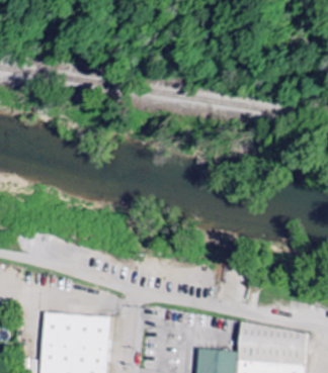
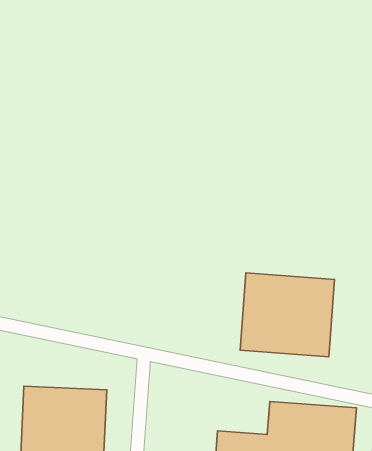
building: none -> [240,273,334,357]

